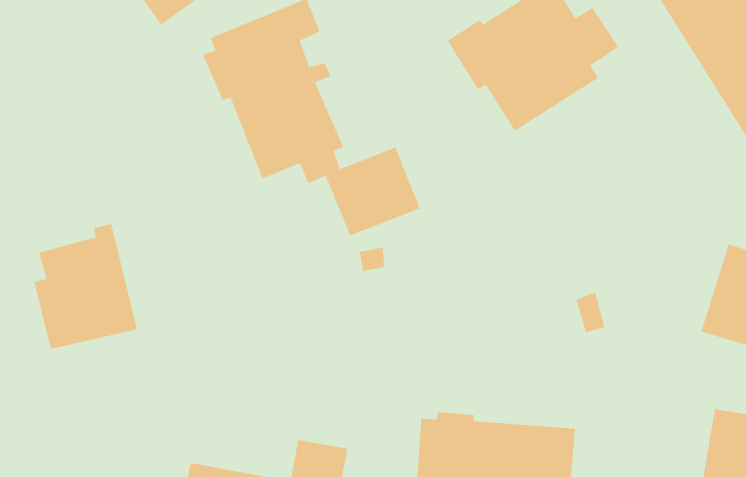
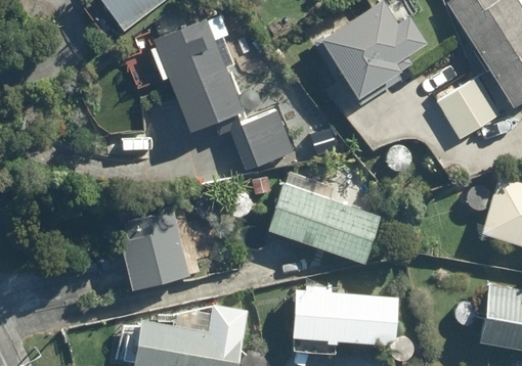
building: none -> [438,76,503,139]
building: [33,223,138,350] -> [122,207,191,290]
building: none -> [268,171,382,264]

